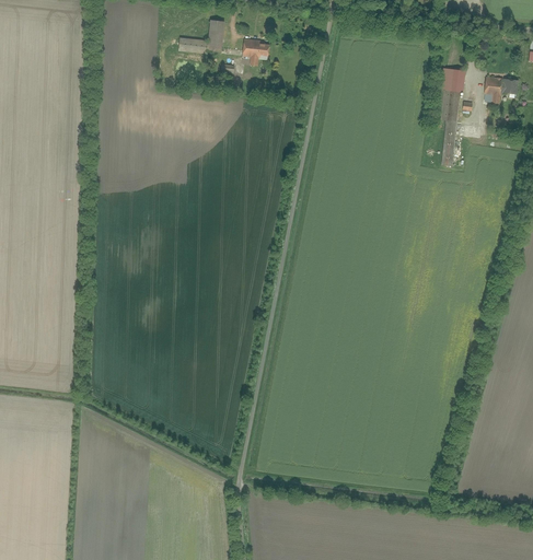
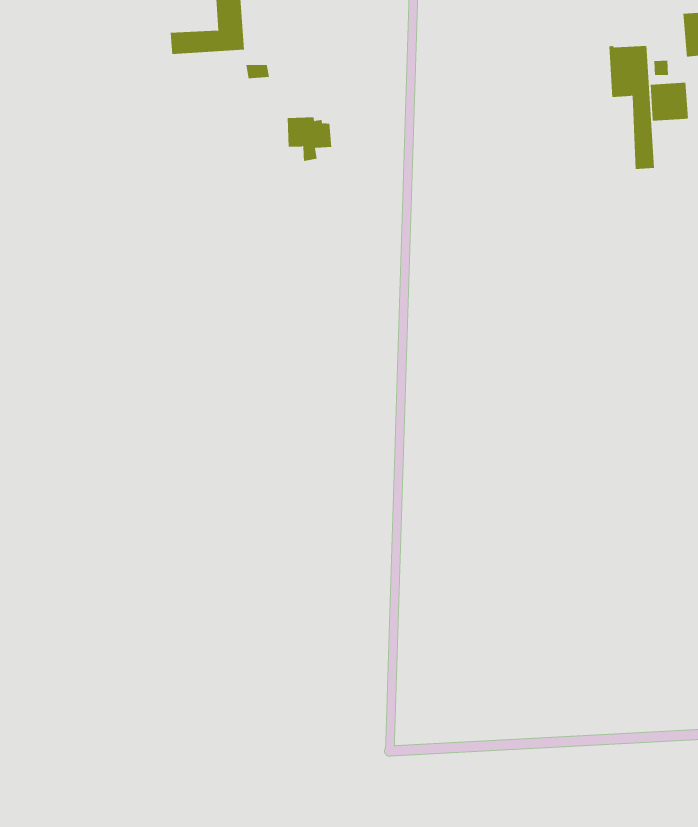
building: [242,37,269,65] -> [287,117,332,161]
building: [441,67,465,91] -> [650,82,689,121]

